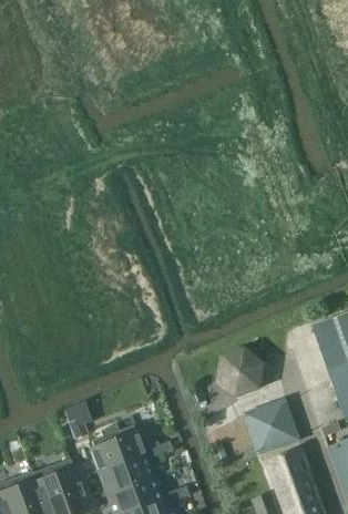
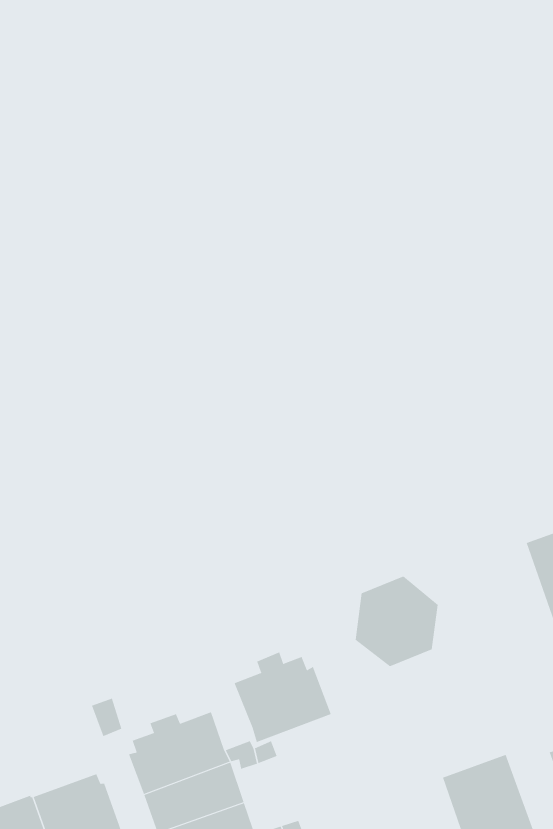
building: none -> [234,652,332,743]
building: [243,399,300,458] -> none

